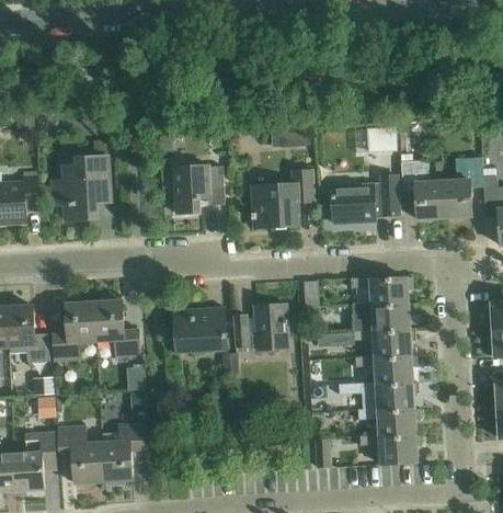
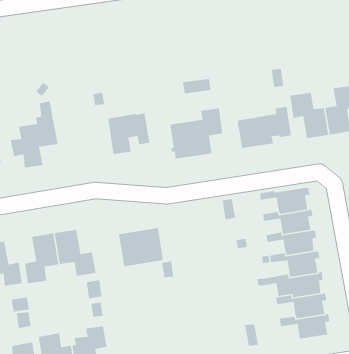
building: [233,306,288,351] -> none

